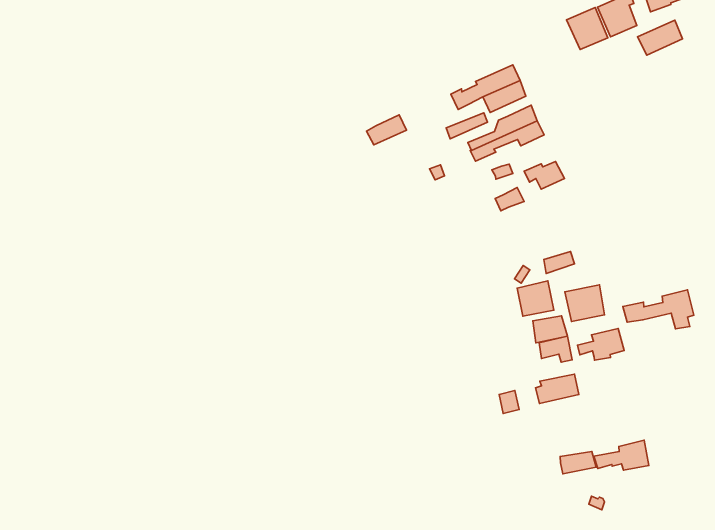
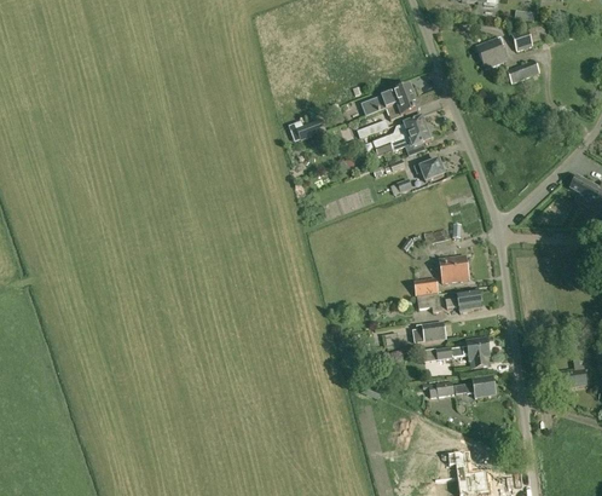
building: [566,7,608,50] -> none
building: [517,281,554,316] -> none
building: [623,290,694,329] -> [436,338,490,367]

